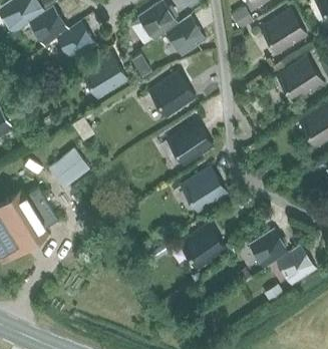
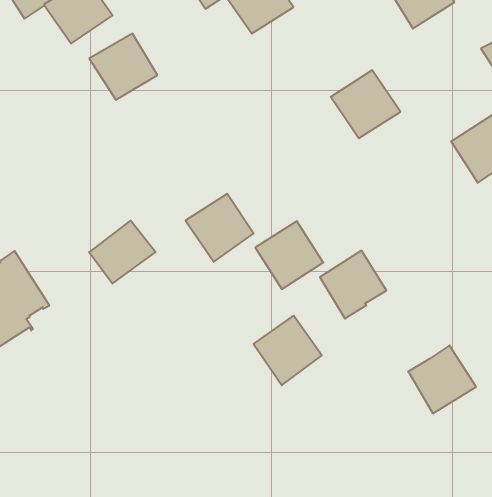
building: [278,58,320,99] -> [331,70,400,138]
building: [150,73,192,115] -> none
building: [169,122,210,163] -> [186,194,254,262]
building: [48,148,88,187] -> [89,221,156,284]
building: [248,228,288,269] -> [320,251,386,319]

